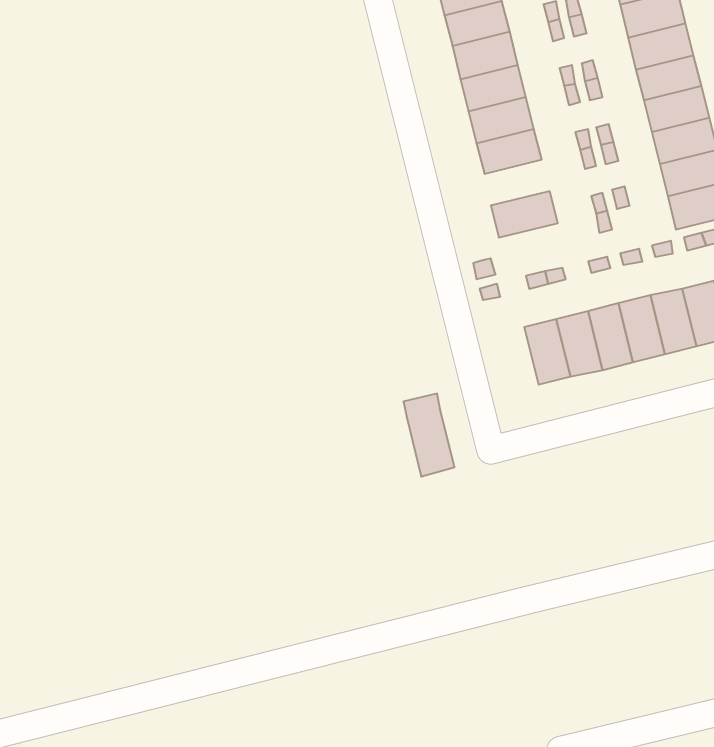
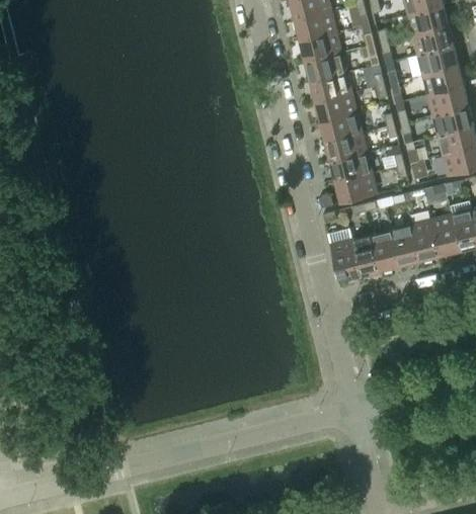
building: none -> [325,132,367,161]
building: none -> [334,172,377,202]
building: [403,394,455,477] -> [327,228,360,280]

